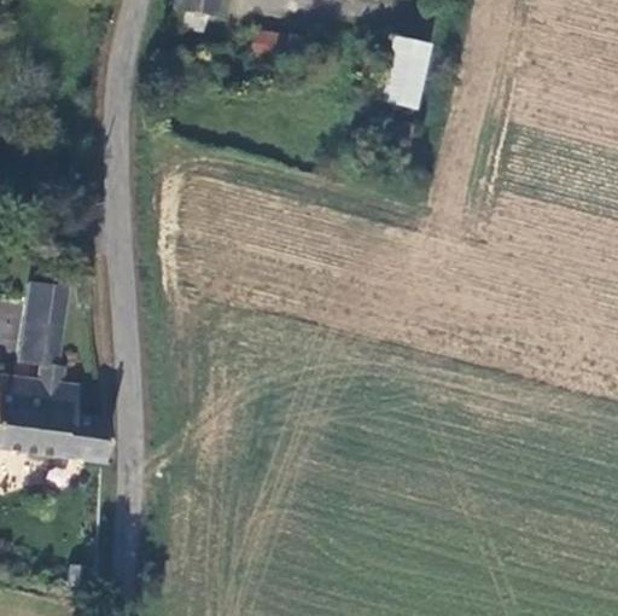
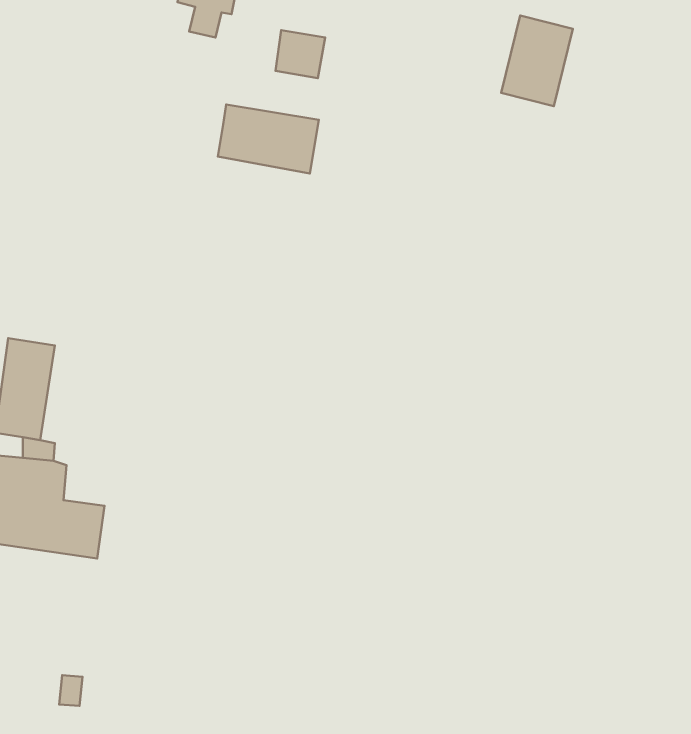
building: [371,30,430,105] -> [501,16,573,106]
building: none -> [218,104,319,173]

